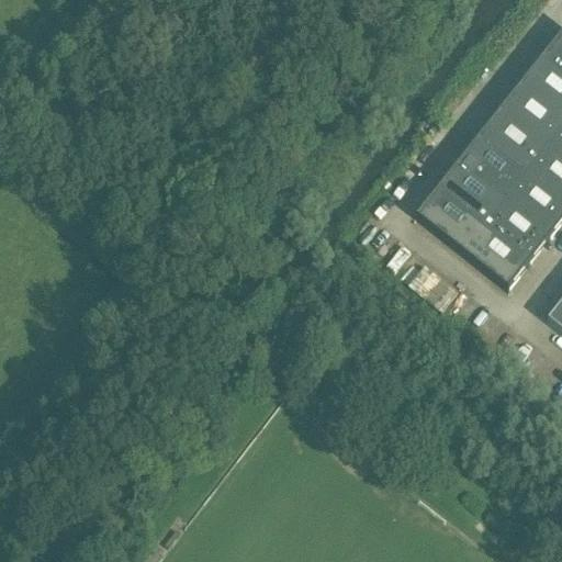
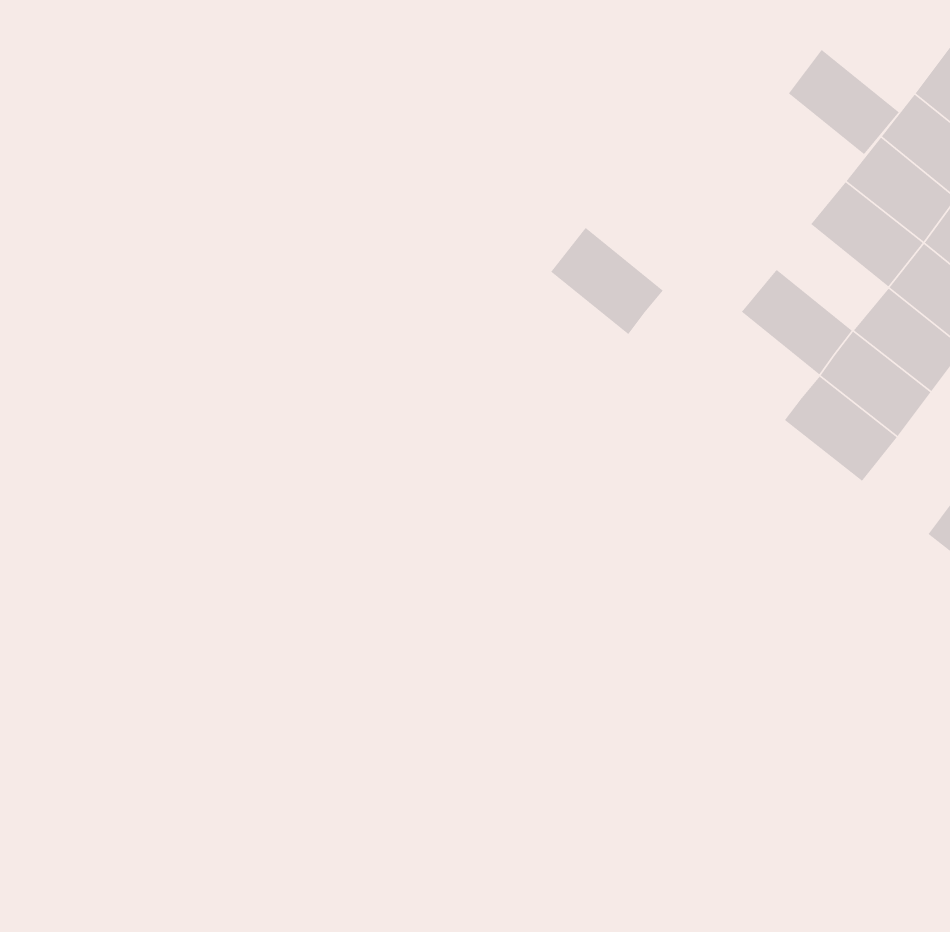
building: [459,132,525,194] -> [788,49,900,155]
building: [417,183,484,247] -> [550,227,664,335]

